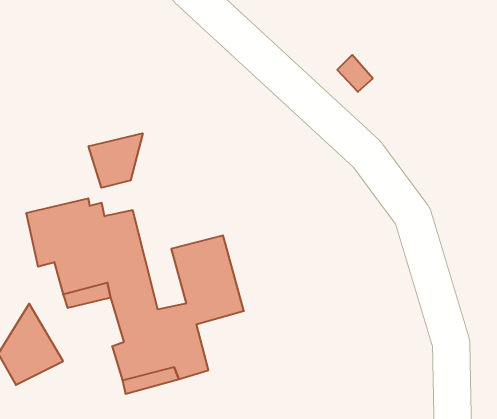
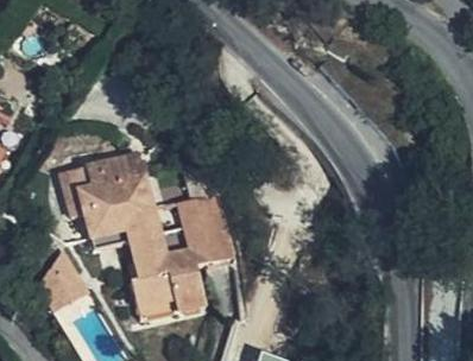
building: [89,133,143,188] -> none

